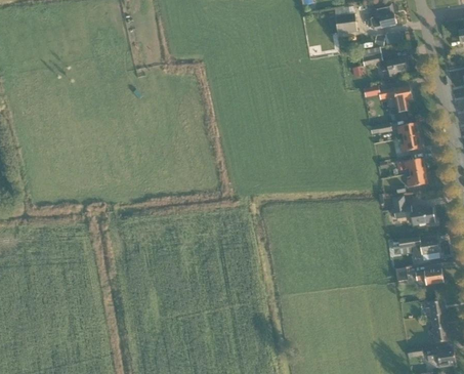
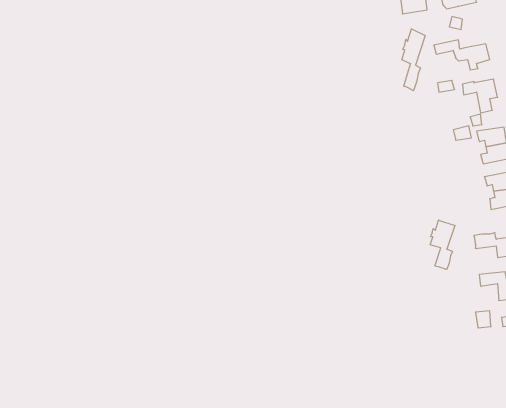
building: none -> [402,29,425,91]
building: none -> [430,220,455,269]

